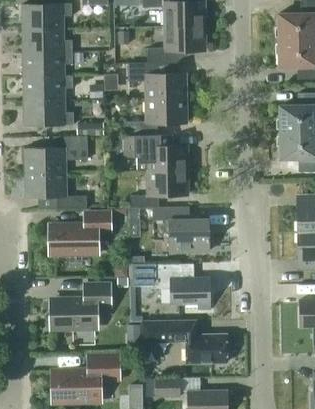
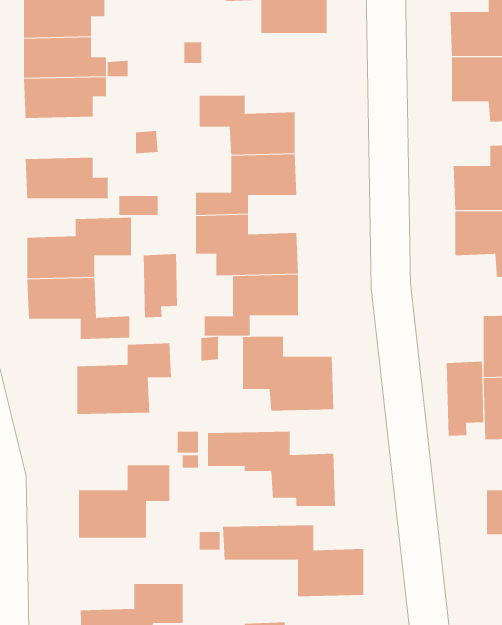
building: [147,26,204,63] -> none
building: [23,75,73,101] -> none
building: none -> [143,253,178,318]
building: none -> [446,361,484,437]

